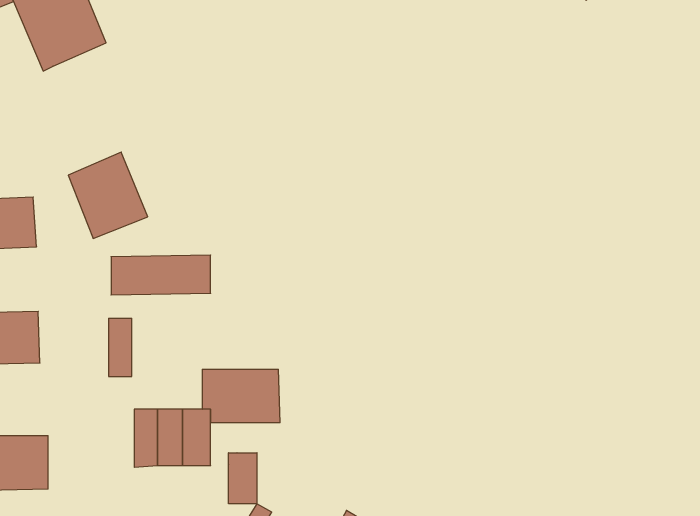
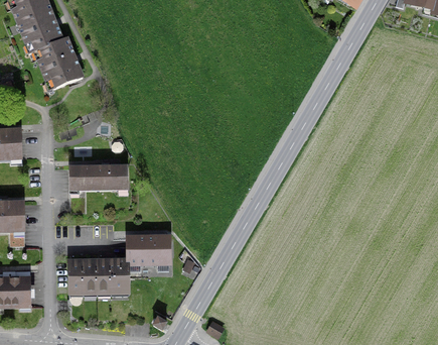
building: [68,152,148,238] -> [33,35,82,88]
building: [109,318,132,376] -> [68,258,83,294]
building: [229,453,257,504] -> none

